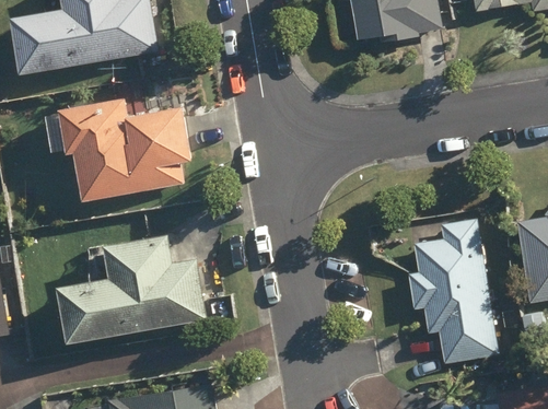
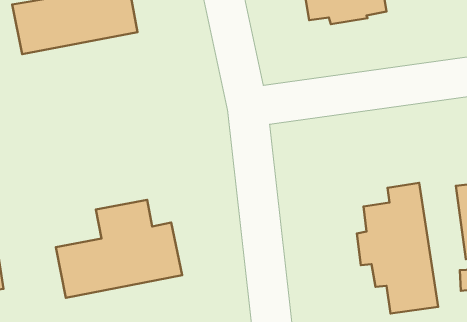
building: [71,98,194,201] -> none

